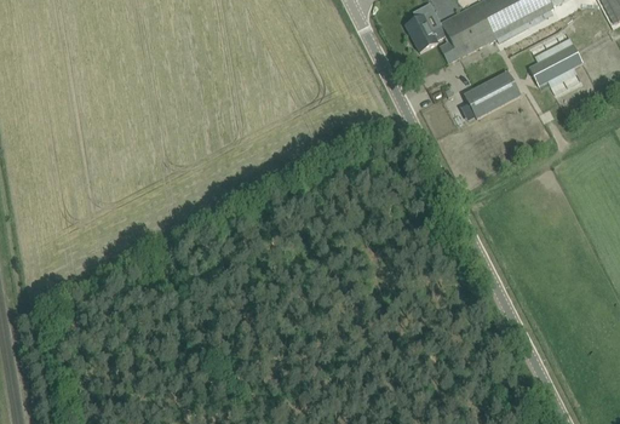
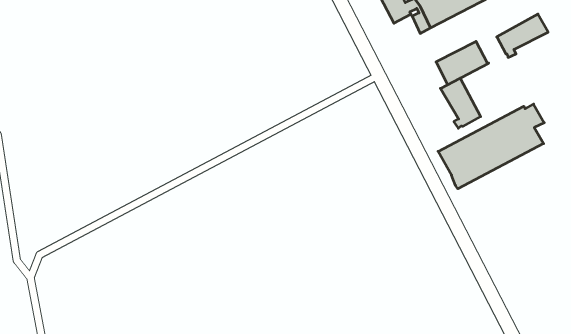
building: none -> [440,78,481,128]
building: none -> [438,104,544,189]

